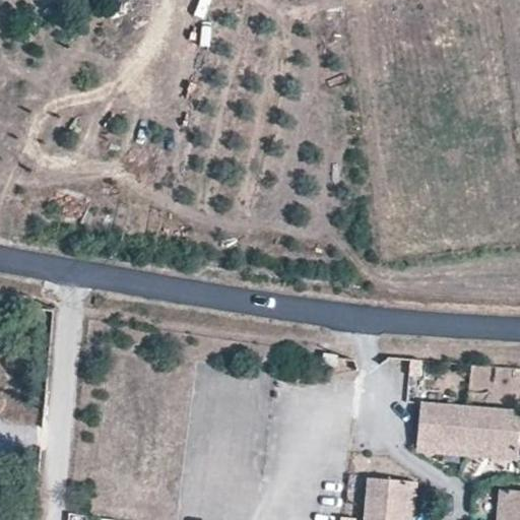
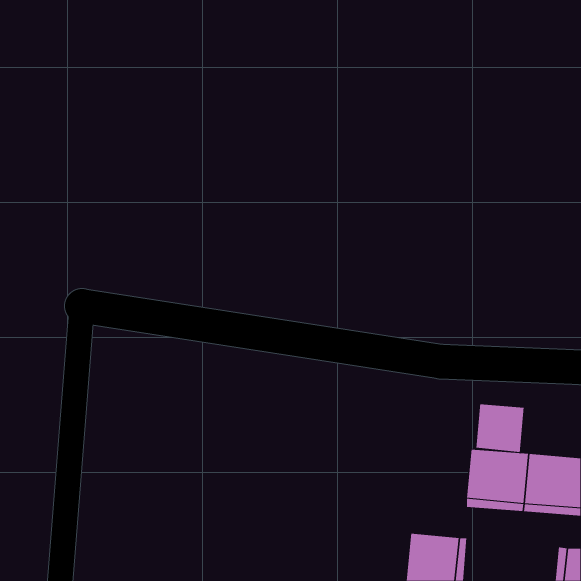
building: none -> [476,403,524,453]

